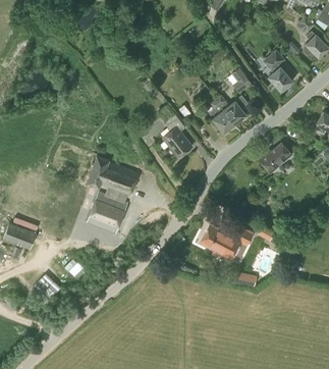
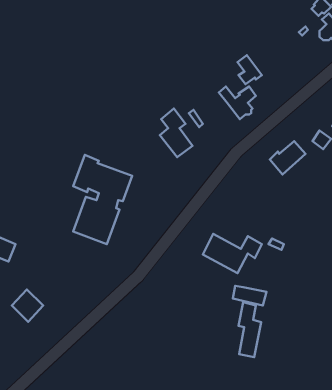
building: [263,50,291,92] -> none
building: [209,100,233,133] -> none
building: none -> [238,302,261,357]

